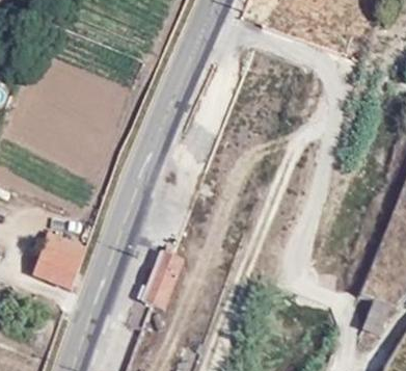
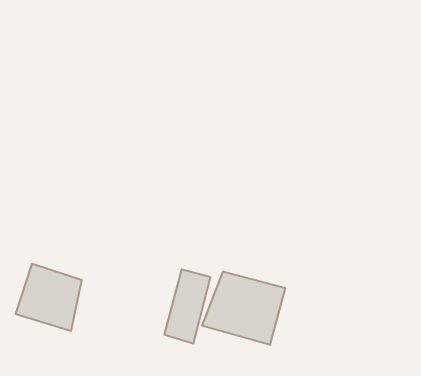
building: none -> [202,271,285,345]

